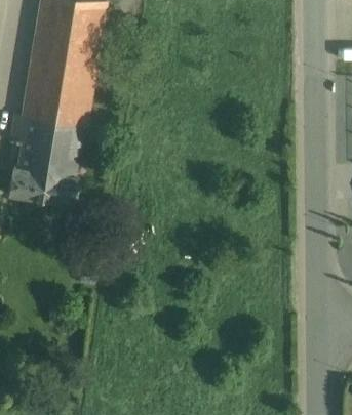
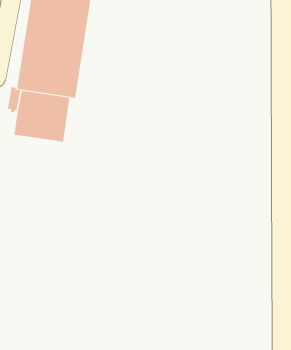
building: [10,166,80,204] -> none

